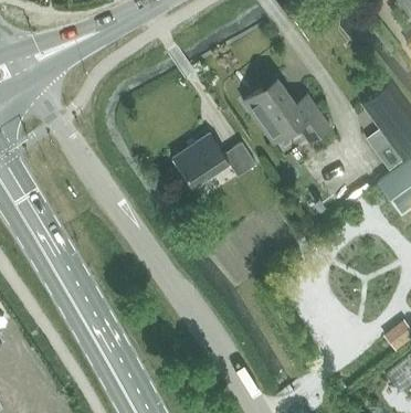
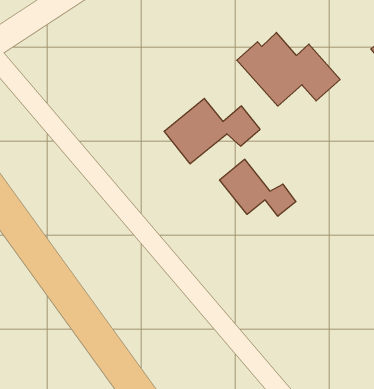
building: none -> [220,159,296,216]

